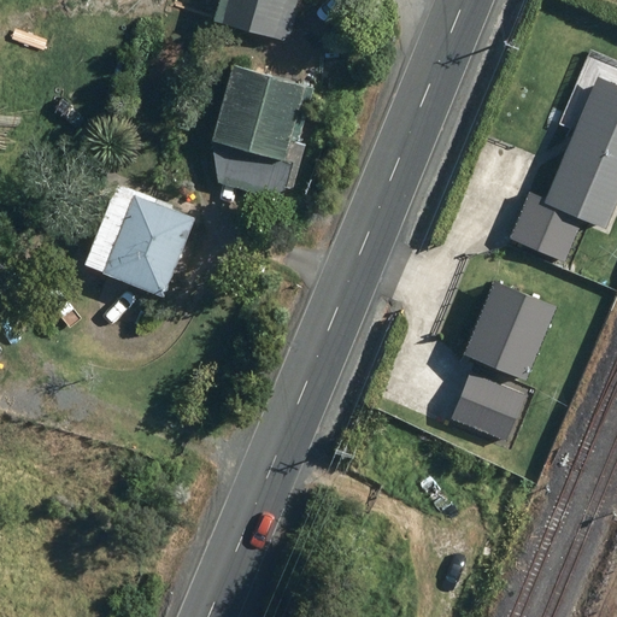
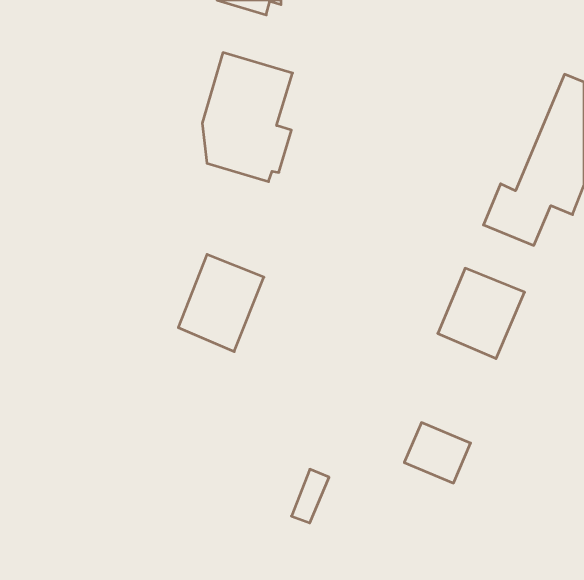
building: [106,188,196,290] -> [178,254,264,352]
building: [451,378,521,442] -> [404,423,471,483]

